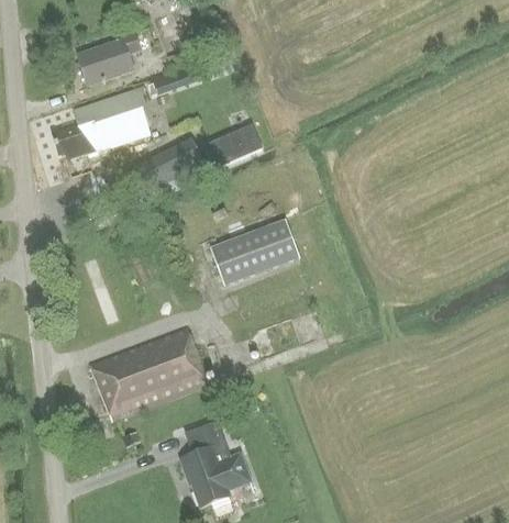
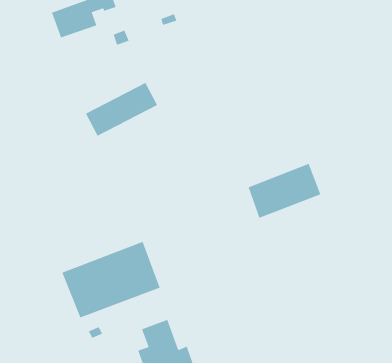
building: [52,89,150,157] -> none
building: [203,123,262,167] -> none
building: [211,219,299,285] -> [248,163,321,218]

